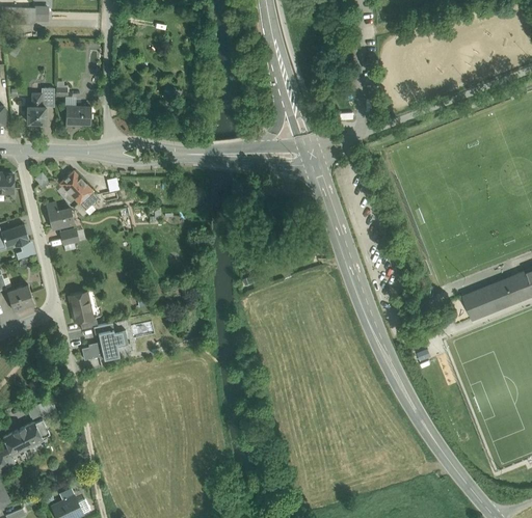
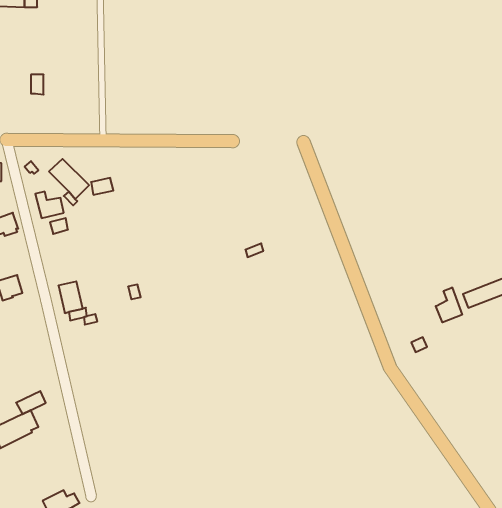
building: [27,93,46,126] -> none
building: [65,107,91,126] -> none
building: none -> [436,287,462,322]
building: [82,330,128,359] -> none

